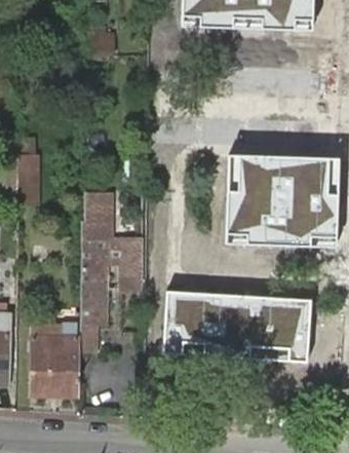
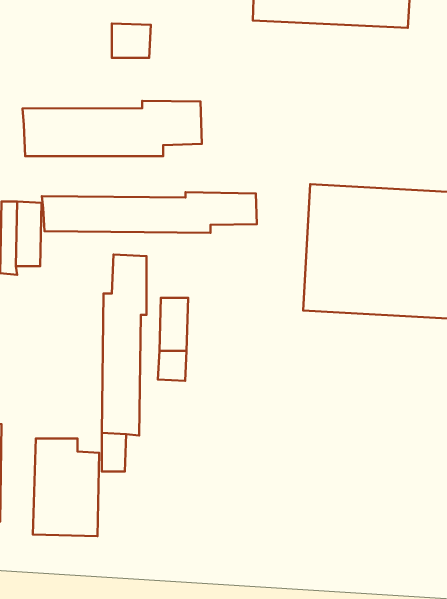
building: none -> [23,101,202,156]
building: none -> [42,192,257,233]
building: [164,290,310,363] -> none

